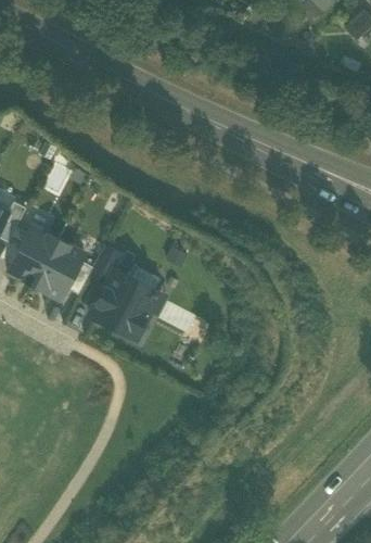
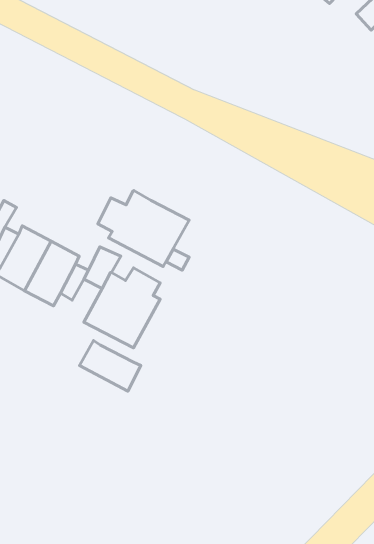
building: none -> [98,191,189,267]
building: none -> [80,341,141,391]

